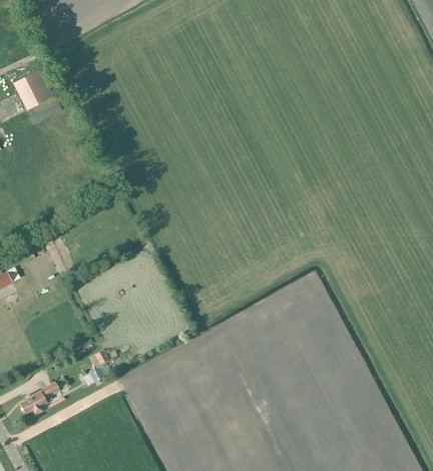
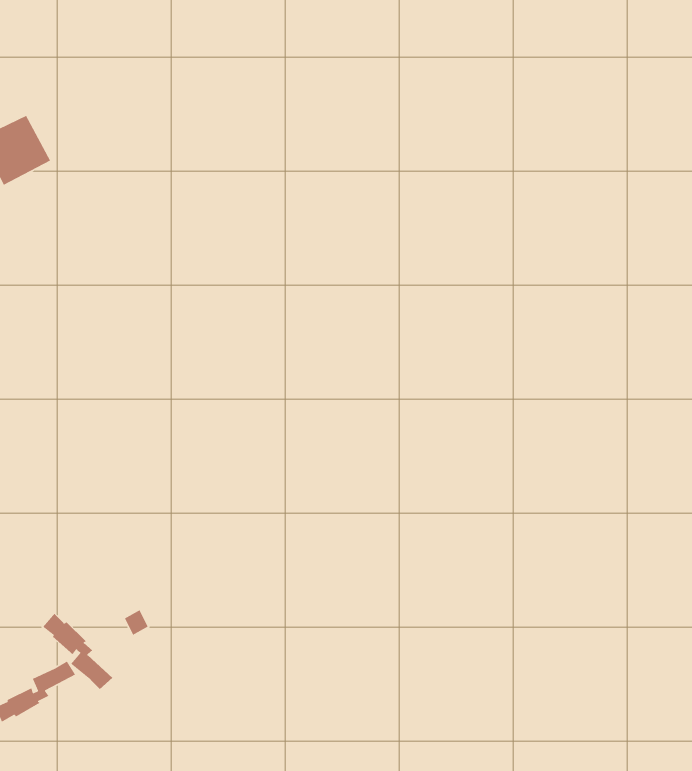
building: none -> [42,613,113,690]

